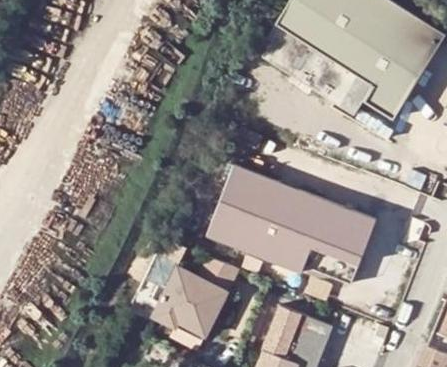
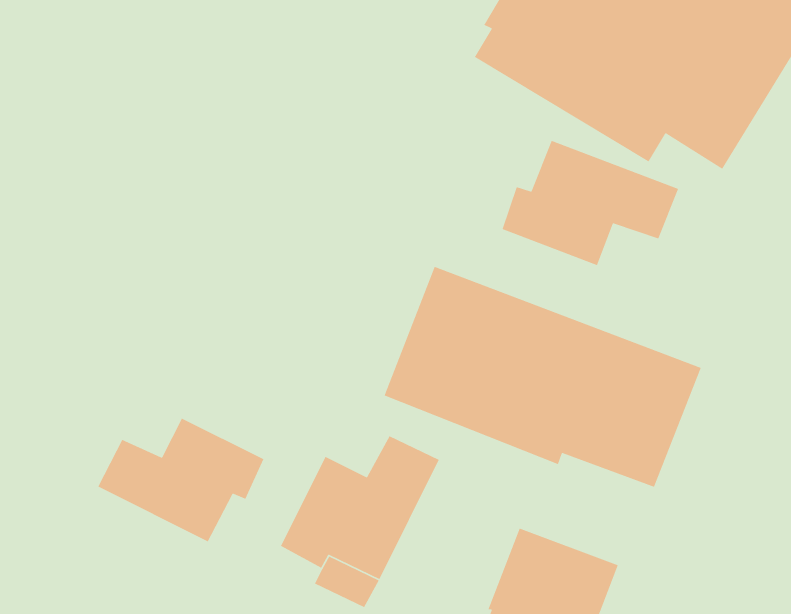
building: none -> [501,140,679,266]
building: none -> [97,417,265,542]

